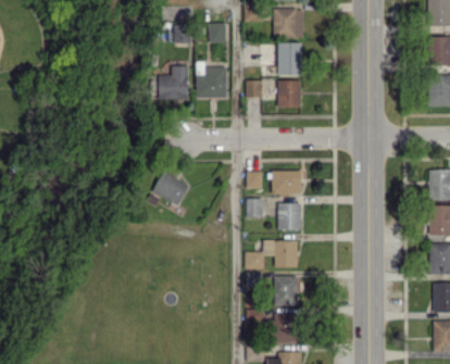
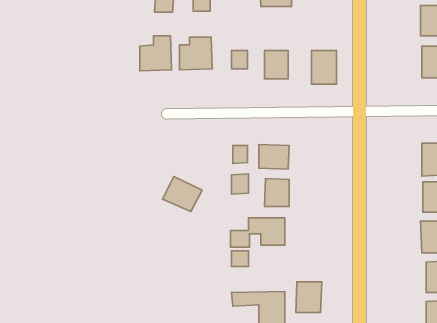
building: [278,42,302,75] -> [312,50,337,84]
building: [152,171,190,204] -> [162,176,202,212]
building: [274,275,299,304] -> [296,282,322,312]

